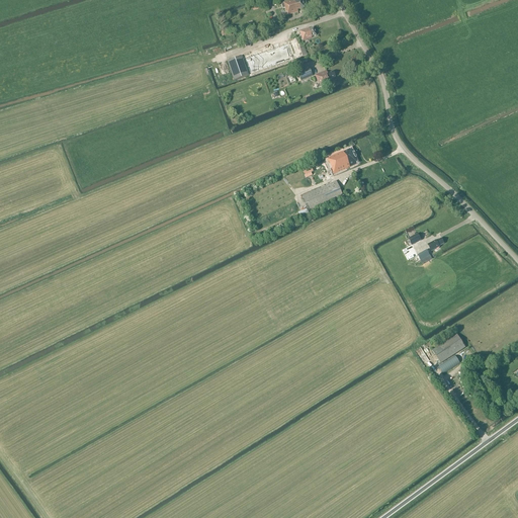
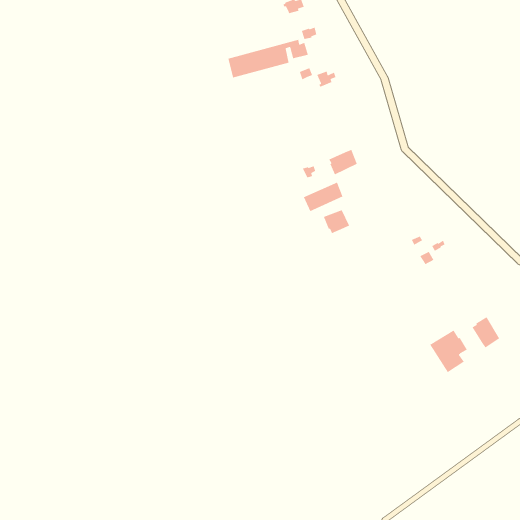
building: none -> [323,209,350,234]
building: none -> [471,316,500,349]

